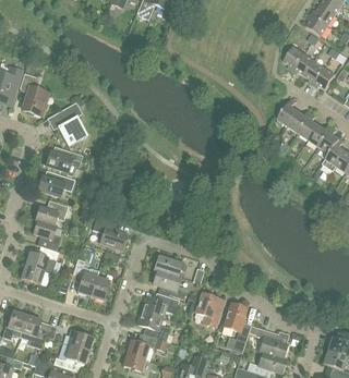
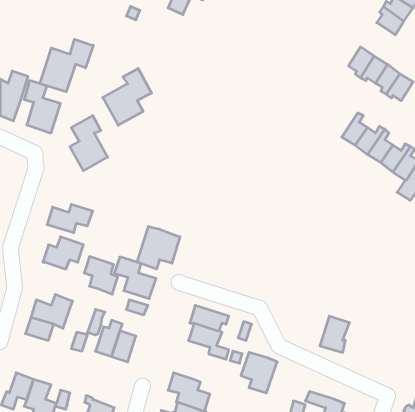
building: none -> [40,39,93,92]
building: none -> [103,68,152,125]
building: [43,148,83,174] -> none
building: none -> [137,226,180,269]
building: [33,219,60,249] -> [84,257,118,294]
building: [141,291,179,316] -> none
building: [222,301,246,330] -> [320,316,350,352]

